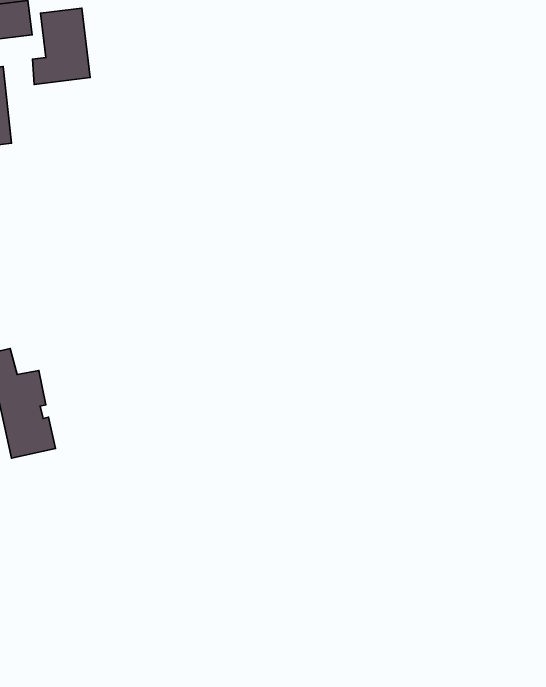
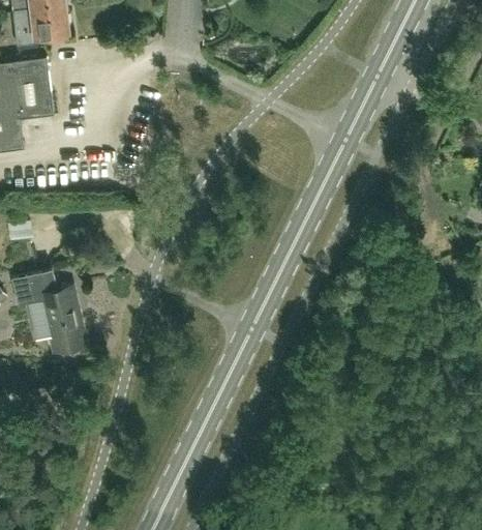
building: [32,8,90,84] -> none

